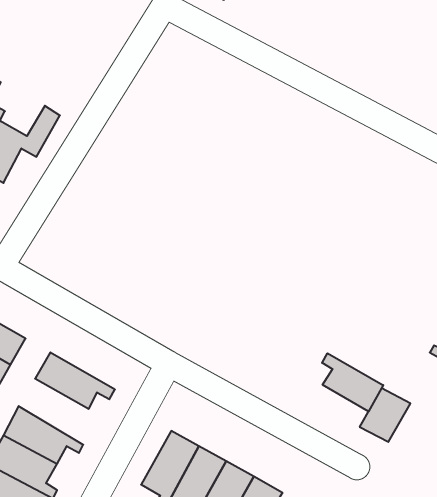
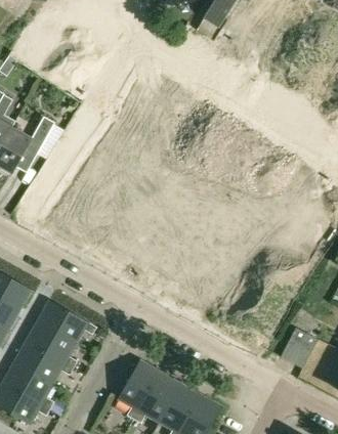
building: [322,353,383,411] -> none
building: none -> [25,319,77,368]

